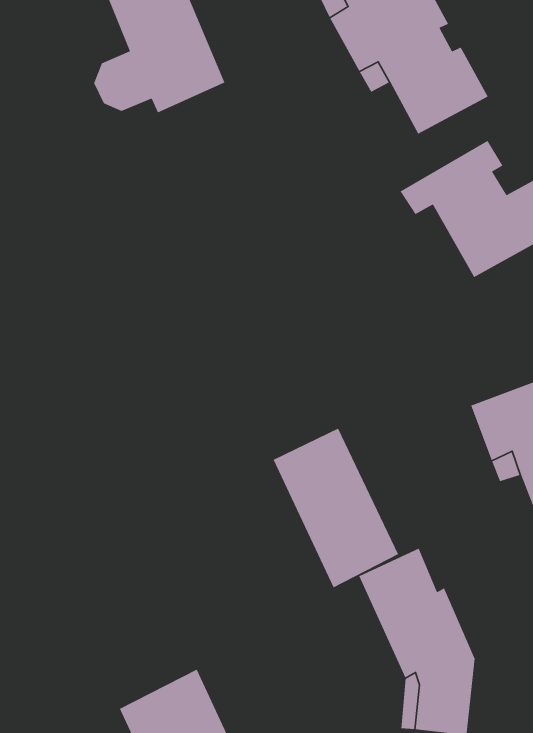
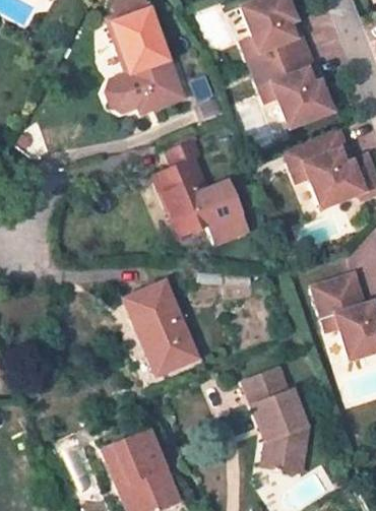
building: none -> [154,141,249,242]
building: [272,427,399,588] -> [127,281,196,373]

